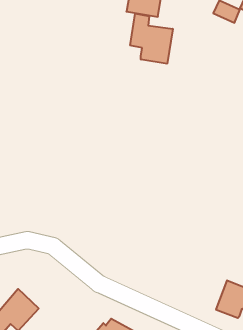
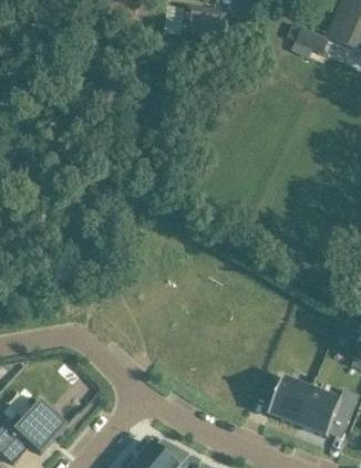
building: [130,13,173,64] -> none
building: none -> [268,376,312,425]

